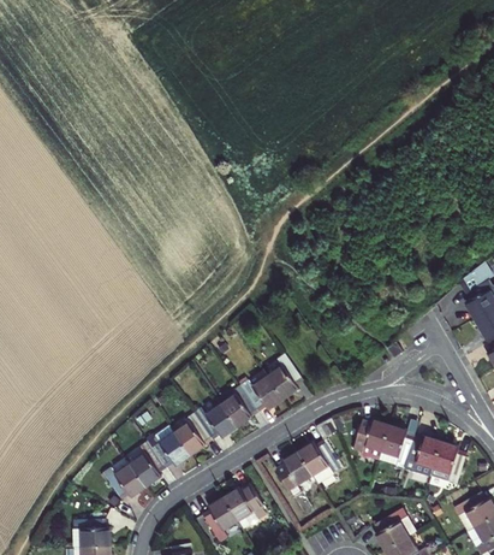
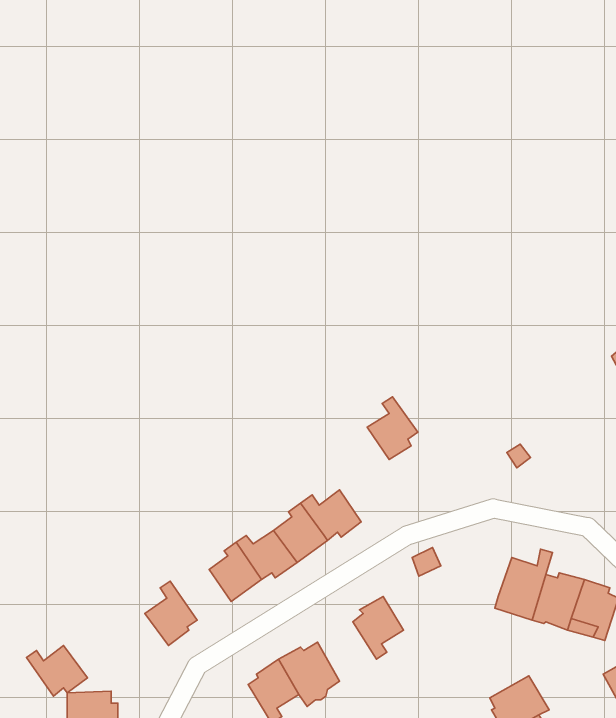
building: [266,354,302,398] -> [367,397,418,459]
building: [351,418,388,460] -> none
building: [145,425,189,468] -> none
building: [297,441,338,483] -> none
building: [101,464,144,500] -> [26,646,87,696]

